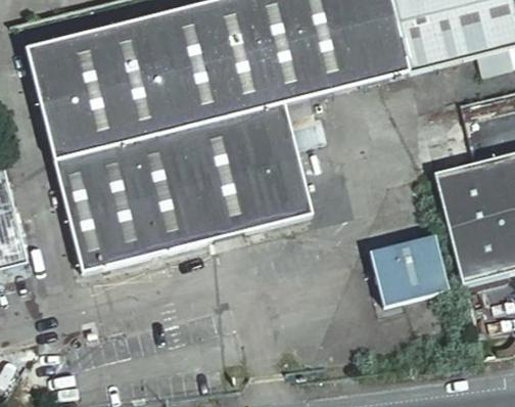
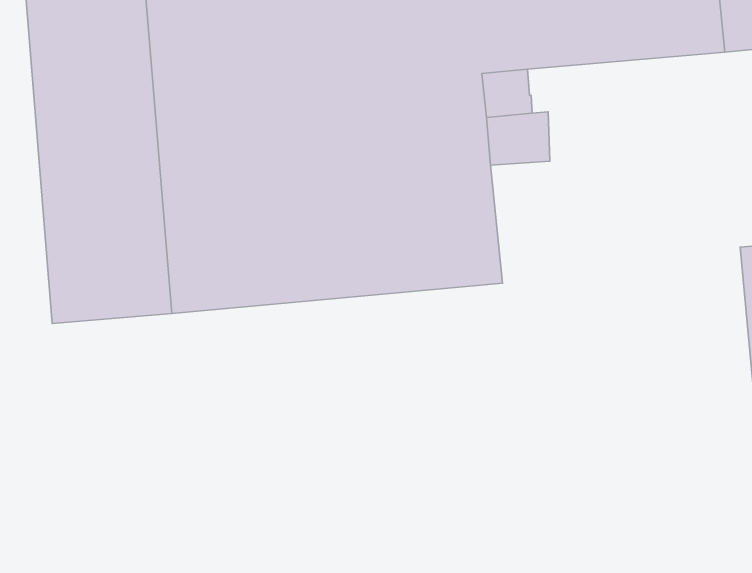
building: [369,233,448,302] -> none

